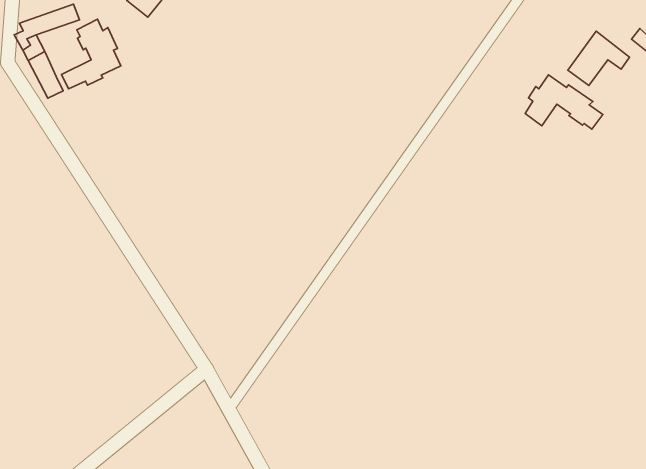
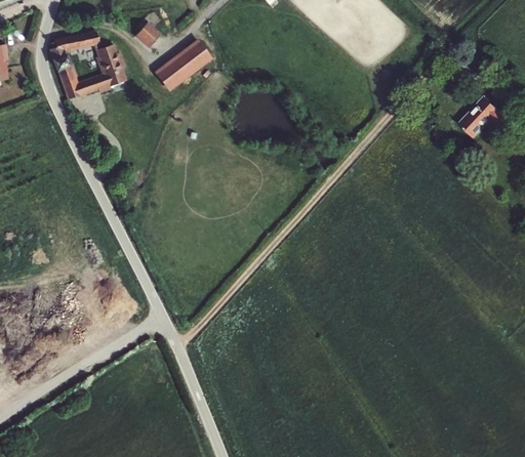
building: none -> [152,49,204,93]
building: [525,75,603,129] -> none

